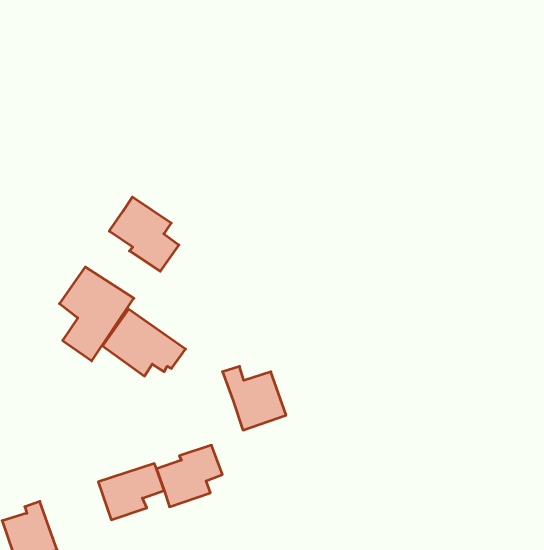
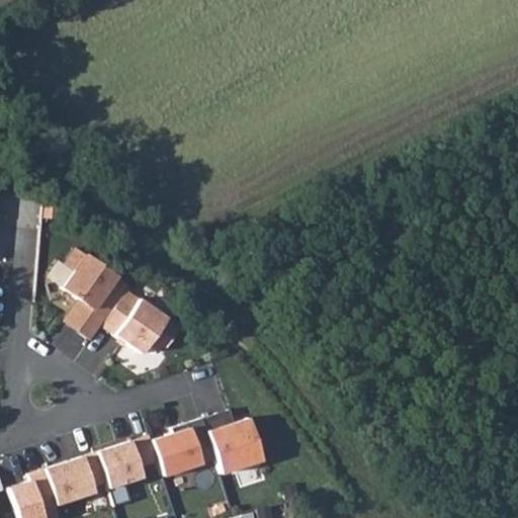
building: [109,197,179,271] -> none
building: [222,366,286,430] -> [205,414,265,473]
building: none -> [45,458,95,506]

